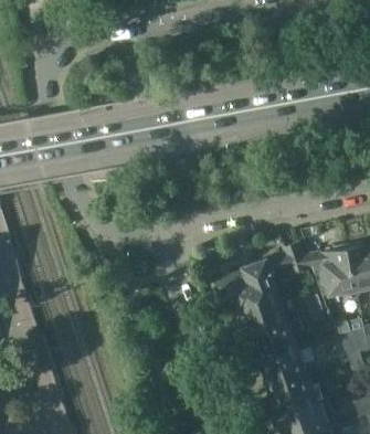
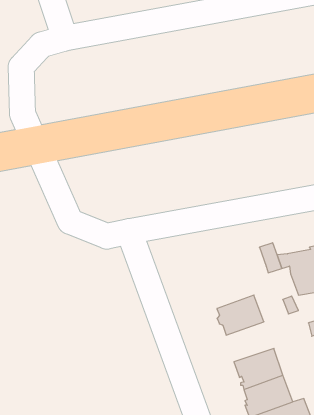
building: [214,255,286,311] -> none
building: [251,317,304,361] -> none

